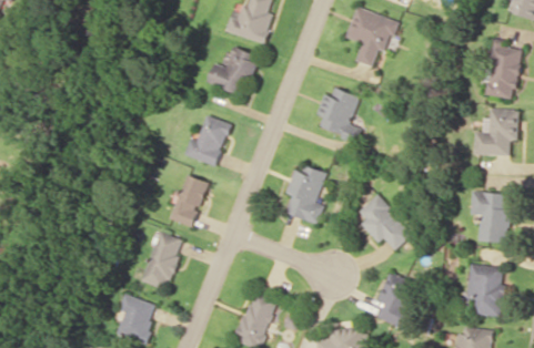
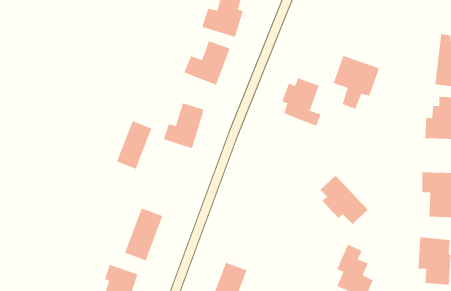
building: [344,7,396,66] -> [333,55,380,109]
building: [283,166,324,224] -> none
building: [169,174,209,228] -> [116,120,152,170]

